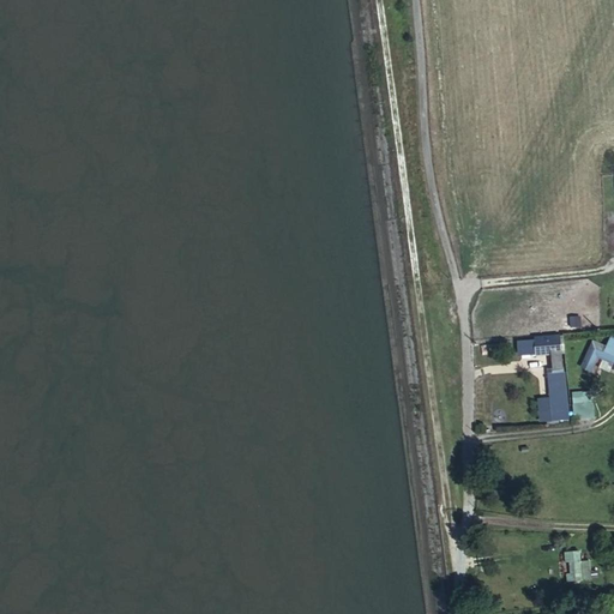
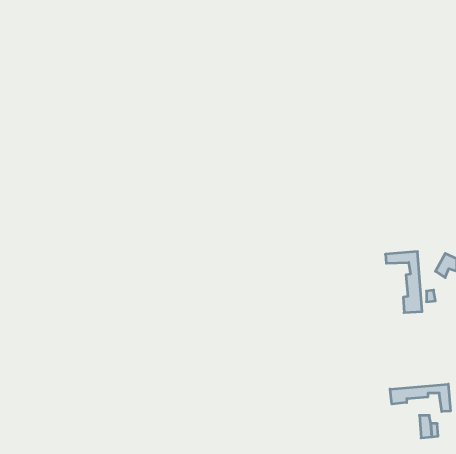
building: none -> [390,384,450,412]

